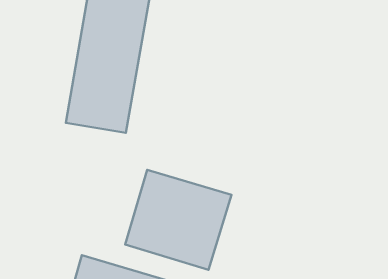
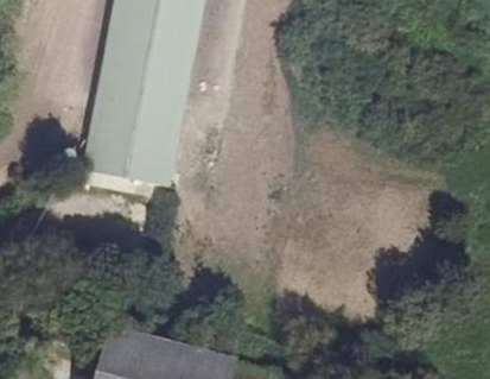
building: [125,170,232,270] -> none

